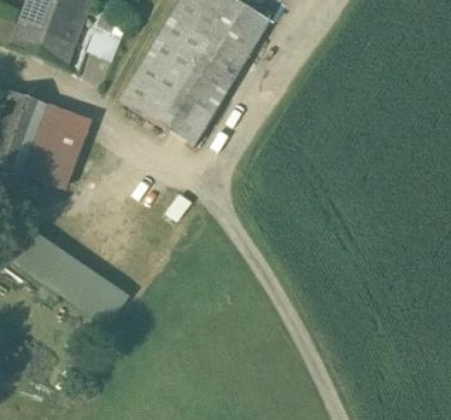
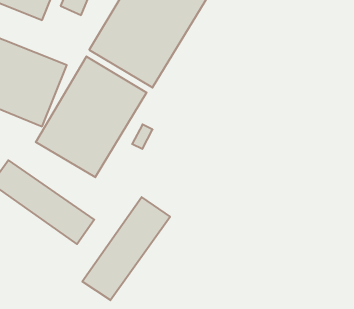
building: none -> [36,56,147,177]
building: none -> [82,197,170,300]

